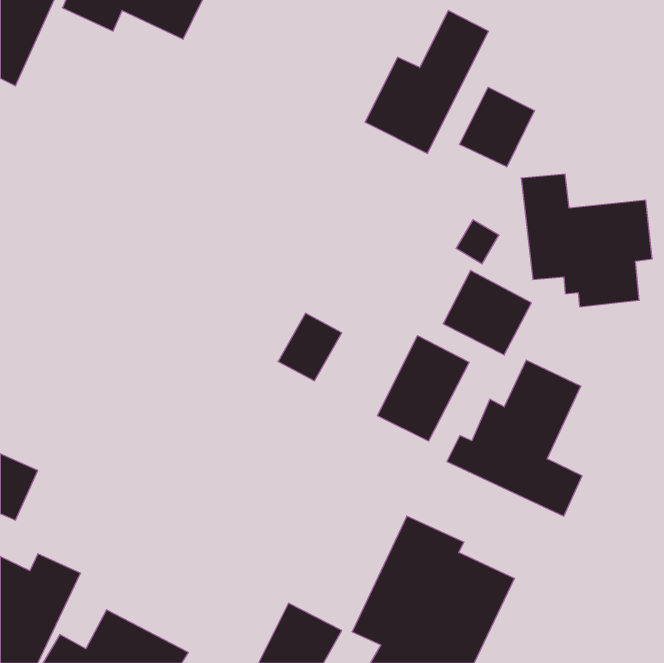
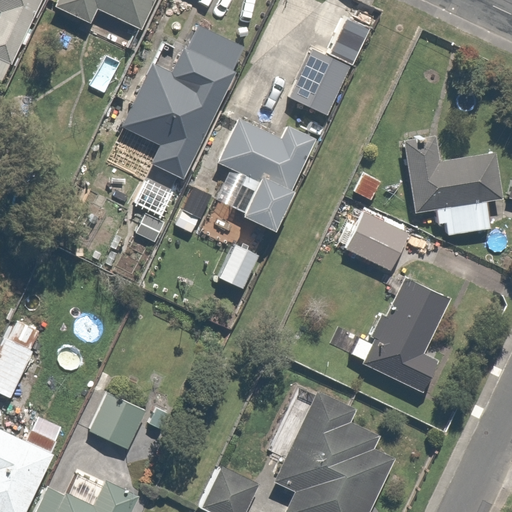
building: none -> [117,23,249,183]
building: [459,87,534,167] -> none
building: none -> [214,116,323,239]
building: [378,336,469,441] -> none
building: none -> [84,389,148,451]

